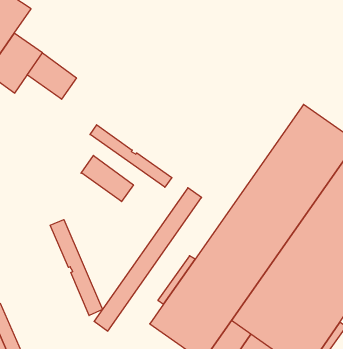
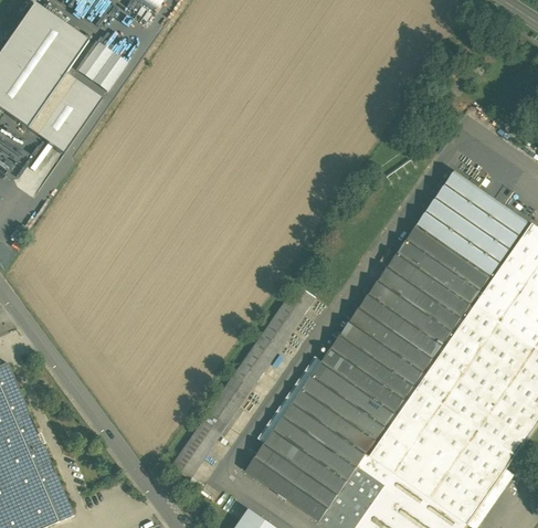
building: [27,53,76,99] -> none
building: [90,125,172,187] -> none
building: [81,155,133,202] -> none
building: [50,220,102,316] -> none

